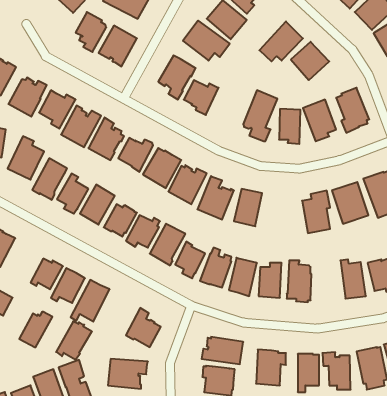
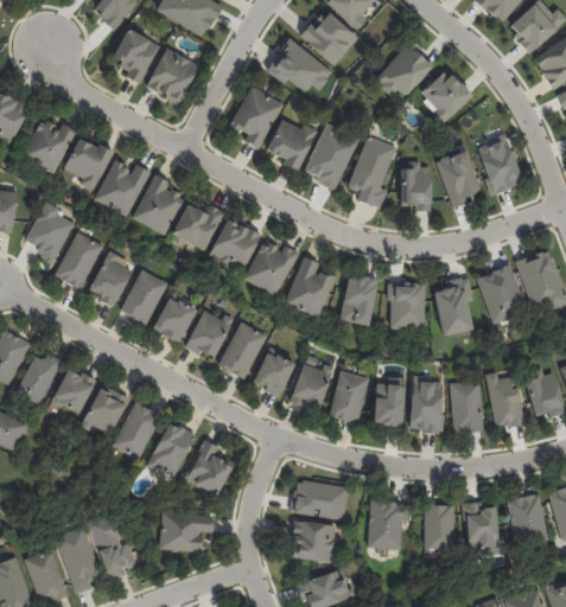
building: none -> [300,123,356,189]
building: none -> [386,282,422,328]
building: none -> [447,381,481,433]
building: [19,312,52,347] -> [17,354,63,404]
building: [56,321,92,360] -> [146,422,196,475]

